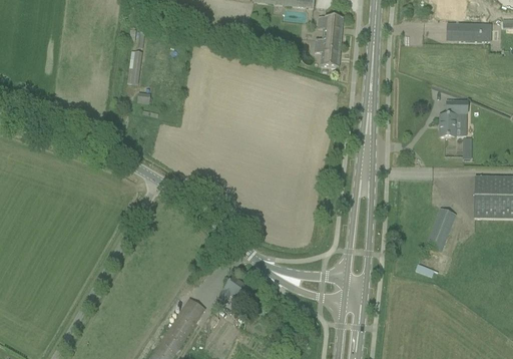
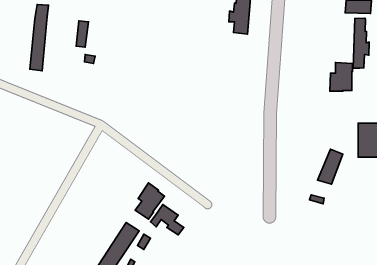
building: none -> [30,4,48,71]
building: none -> [353,18,369,68]
building: none -> [135,183,165,219]

